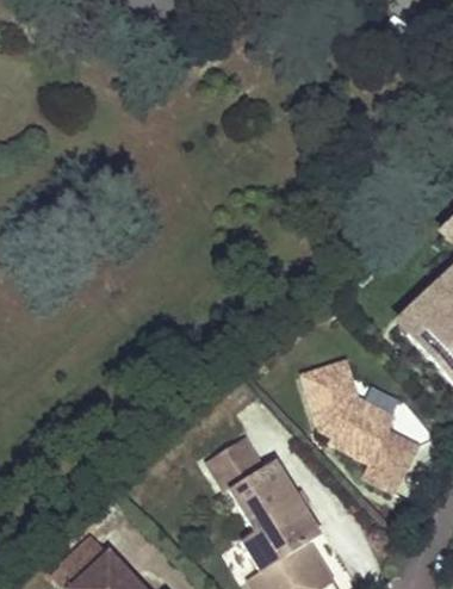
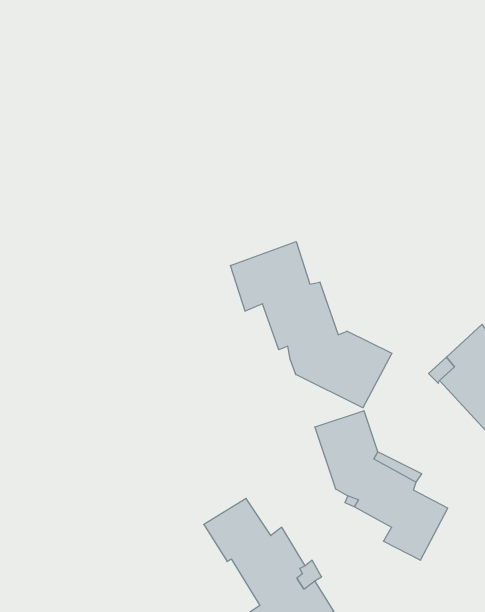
building: none -> [230,242,392,408]

